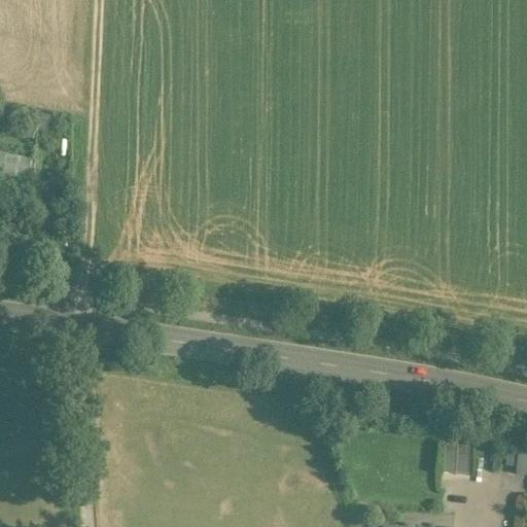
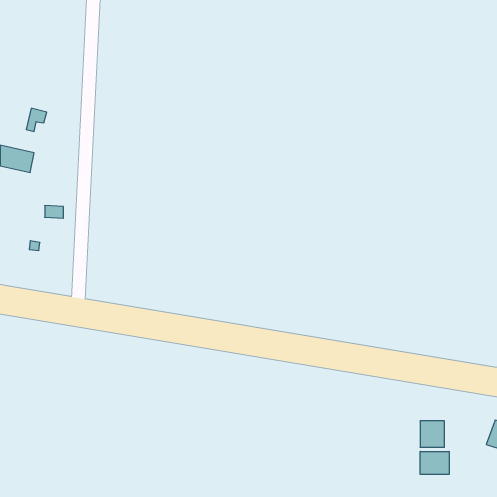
building: none -> [420,451,449,474]

